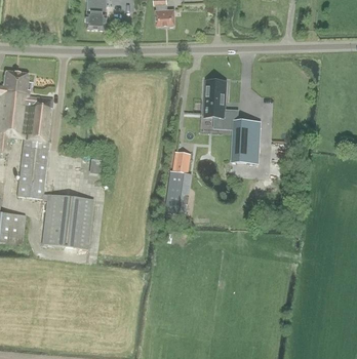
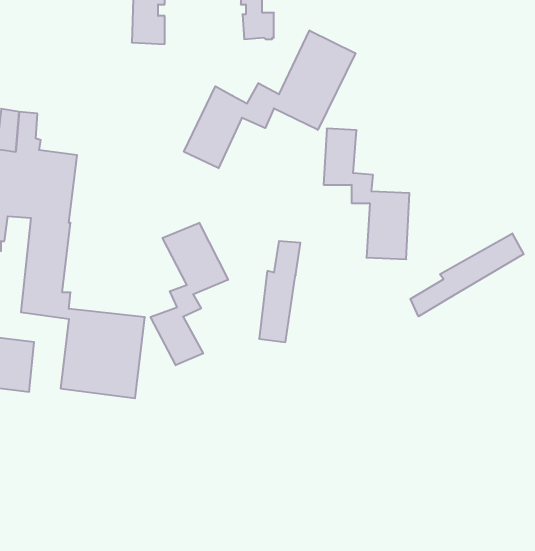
building: none -> [184,30,355,168]
building: none -> [151,223,228,365]
building: none -> [410,233,524,316]

